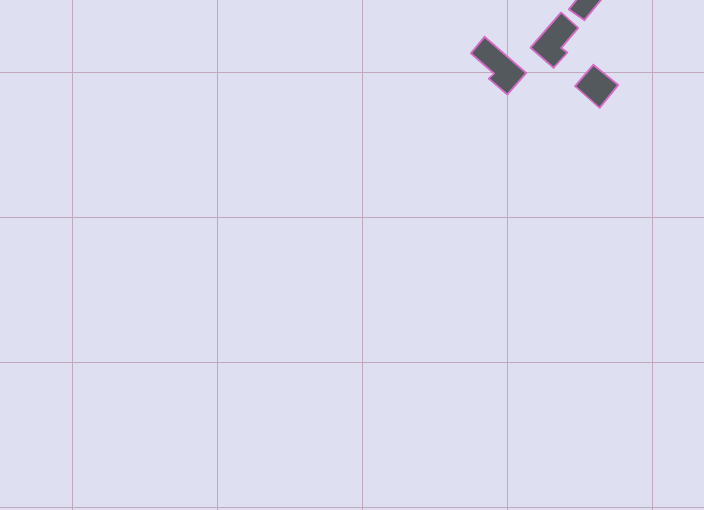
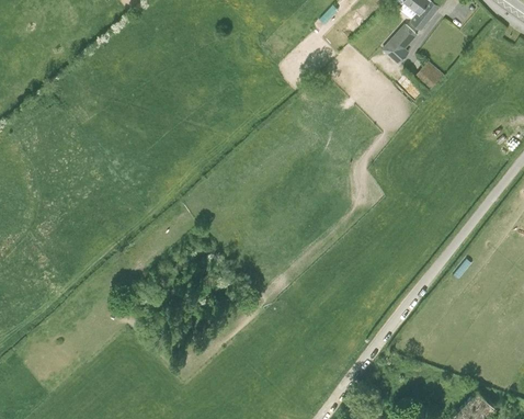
building: [471,37,526,94] -> none

